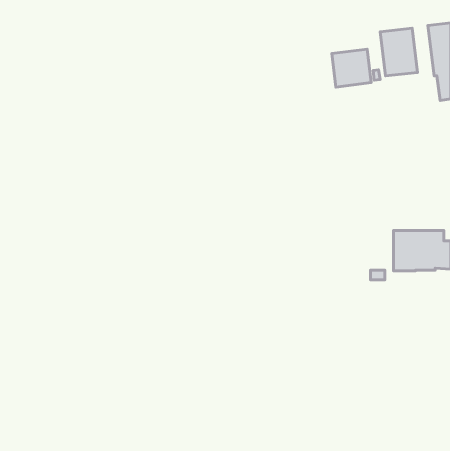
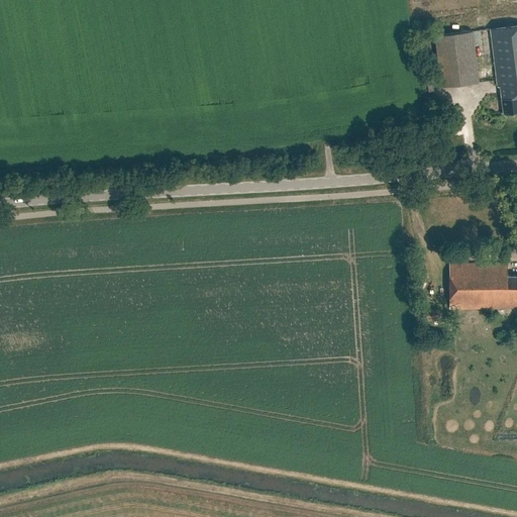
building: [332,49,371,87] -> none

